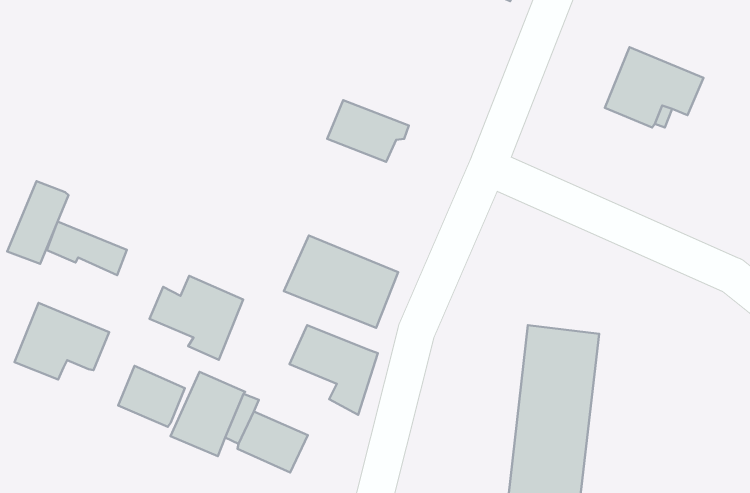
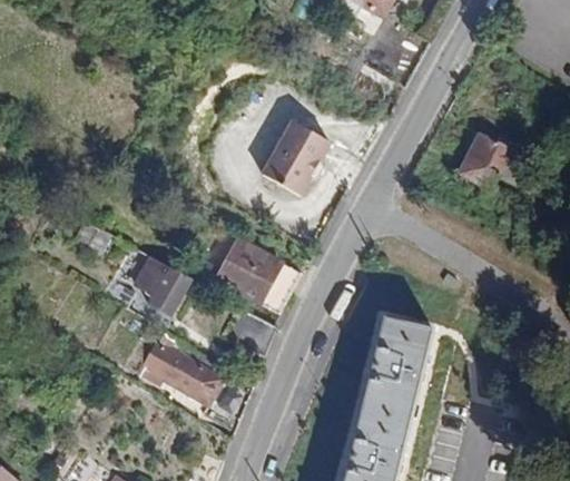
building: none -> [273,117,327,170]
building: [7,181,68,264] -> none
building: [14,303,109,380] -> none
building: [118,366,185,427] -> none

